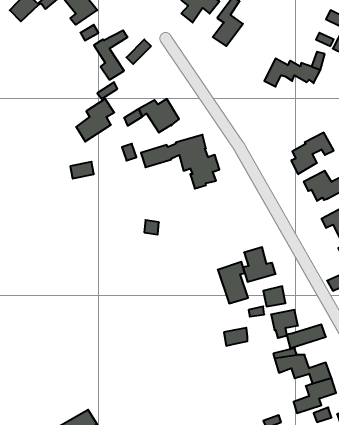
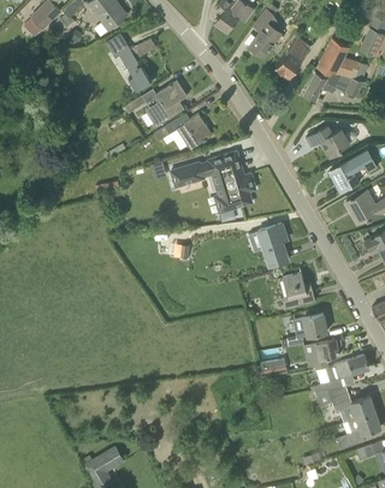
building: none -> [276,36,313,76]
building: none -> [316,37,350,75]
building: [76,99,114,142] -> [146,81,186,126]
building: none -> [306,125,350,157]
building: [218,262,248,303] -> [256,222,289,267]

